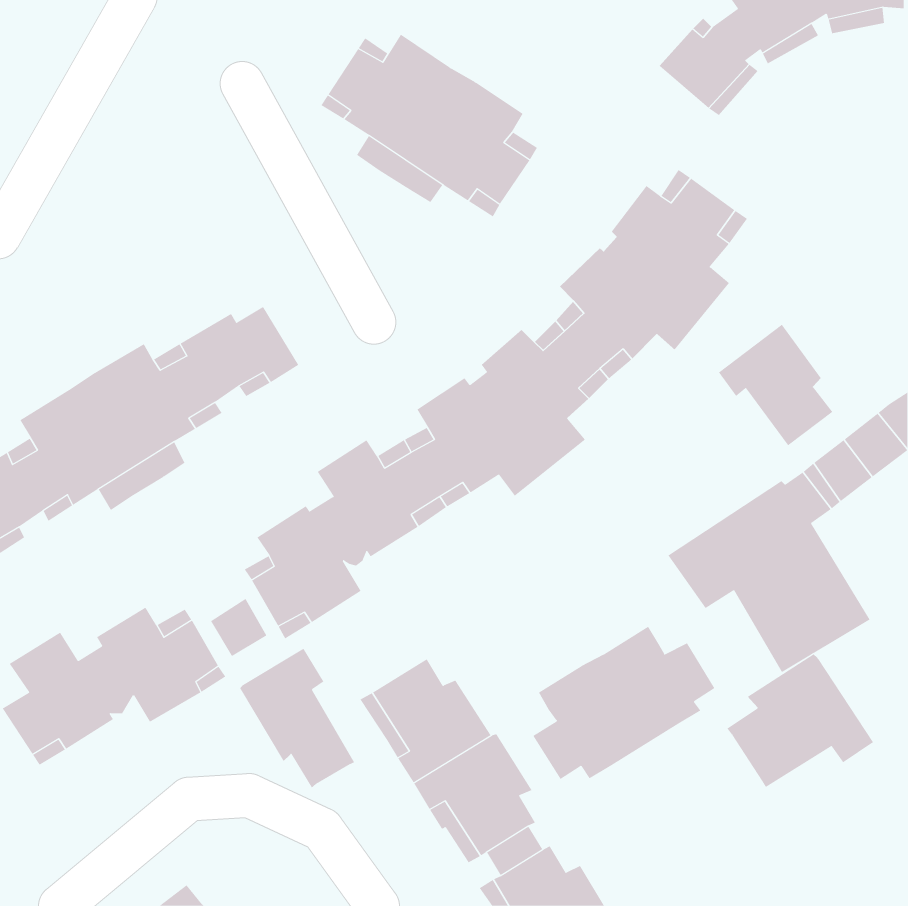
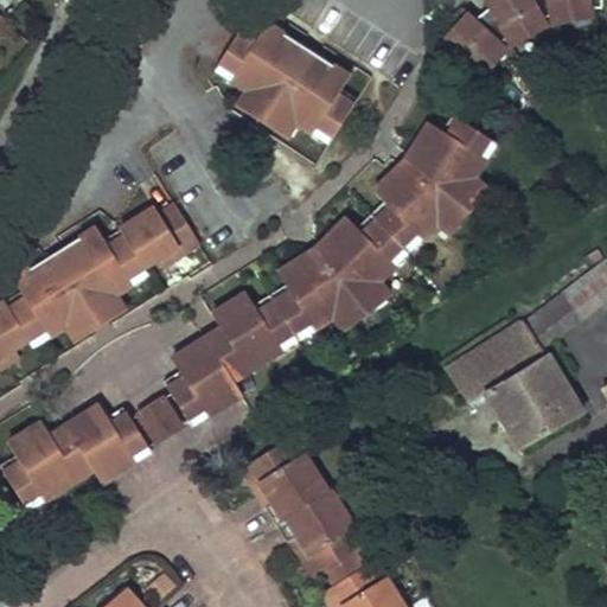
building: [718,324,833,446] -> none
building: [532,626,715,780] -> none
building: [240,648,355,788] -> none
building: [726,654,874,788] -> none

